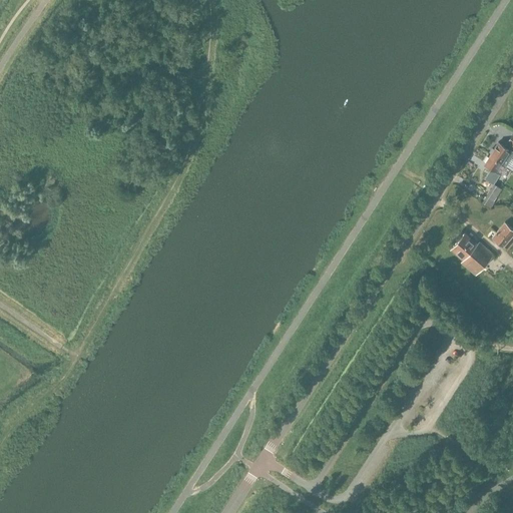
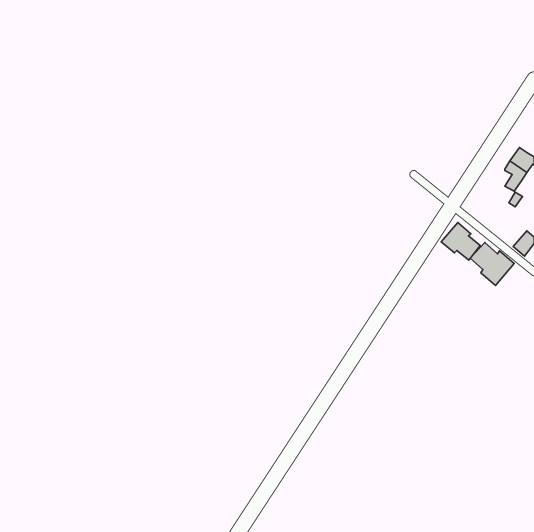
building: none -> [441,223,480,260]

